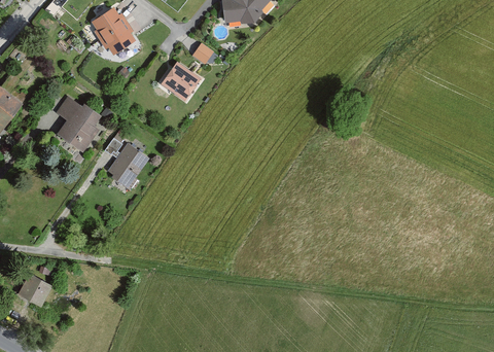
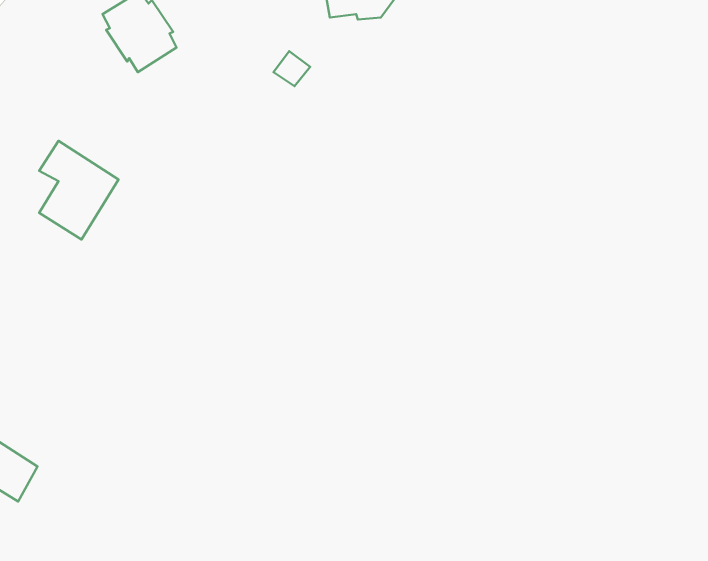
building: [158,62,201,102] -> none
building: [107,142,149,188] -> none

